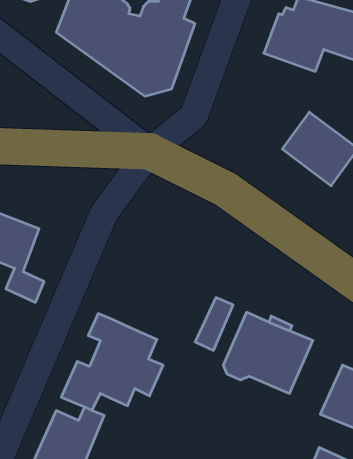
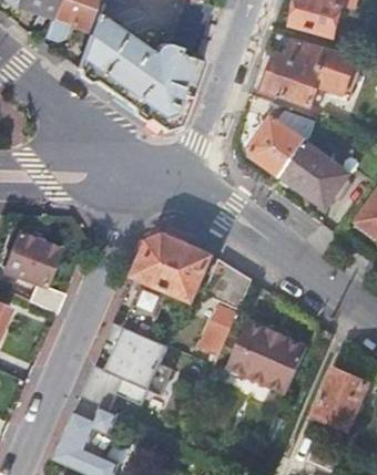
building: none -> [249,116,304,174]
building: none -> [124,234,214,338]
building: none -> [203,260,249,311]

